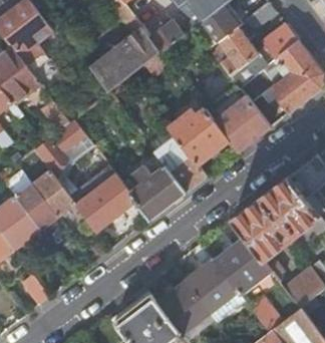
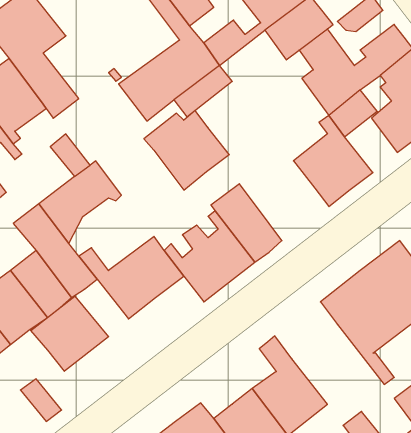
building: [169,108,229,164] -> [144,110,229,190]
building: none -> [31,296,109,371]
building: [213,236,281,296] -> none

